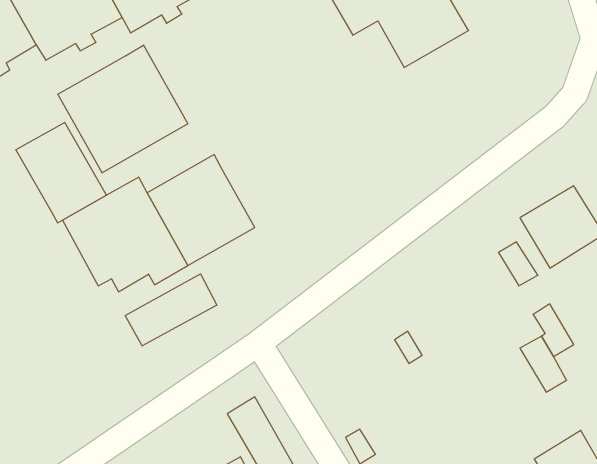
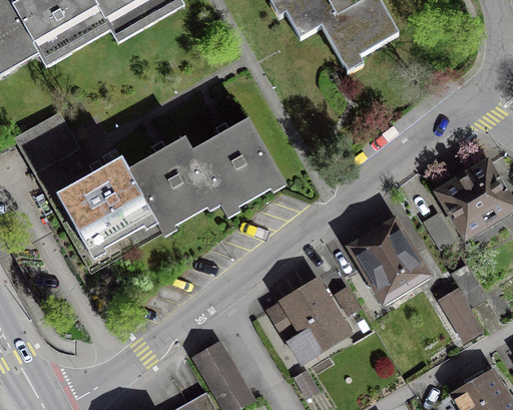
building: [58,45,188,173] -> none
building: none -> [190,119,282,213]
building: none -> [352,221,423,304]
building: [125,274,217,346] -> none
building: none -> [267,280,347,361]

